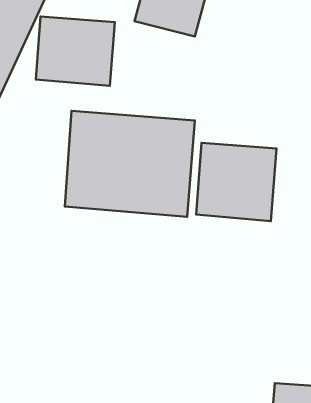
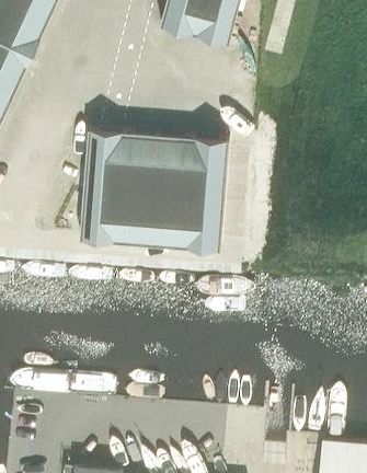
building: [36,17,115,86] -> none
building: [196,143,276,221] -> none

